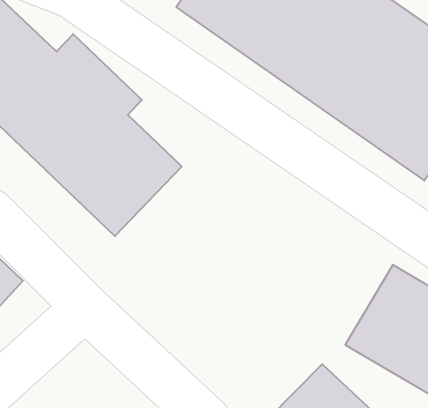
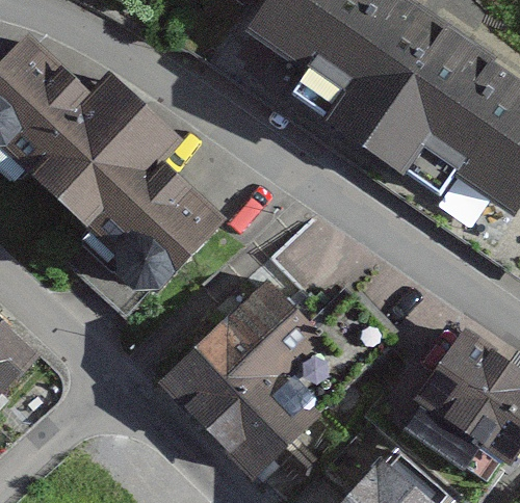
building: none -> [162,274,331,475]

